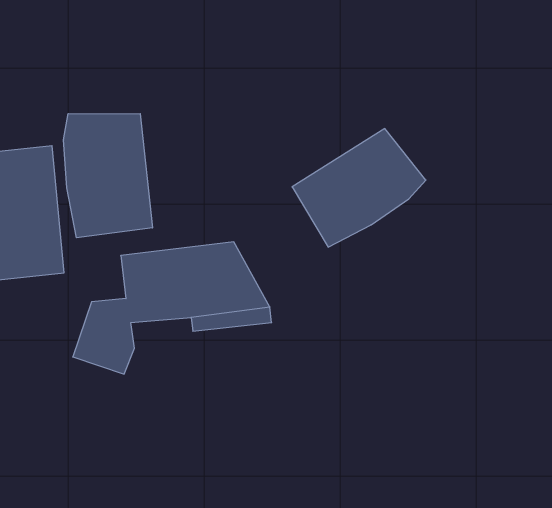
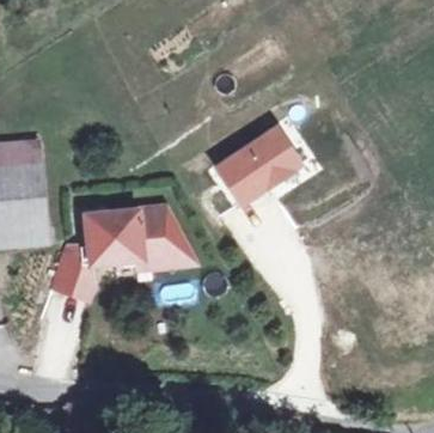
building: [64,114,152,238] -> none

